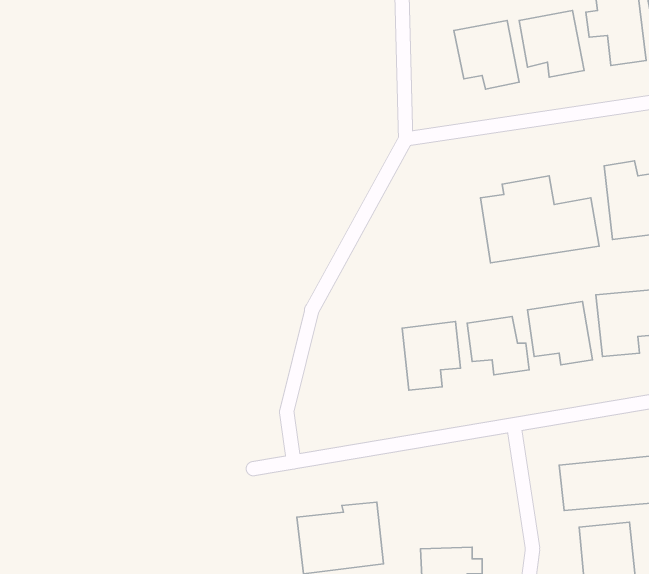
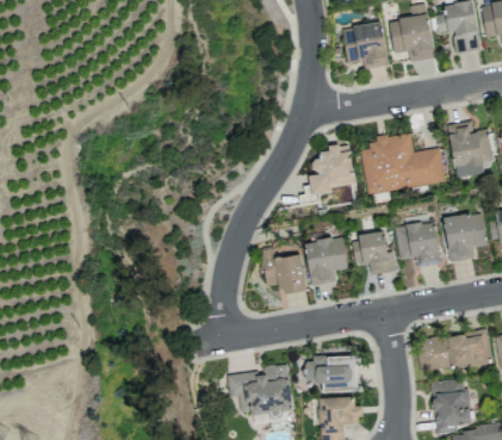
building: none -> [309,144,355,196]
building: none -> [261,249,306,293]
building: none -> [305,357,358,392]

